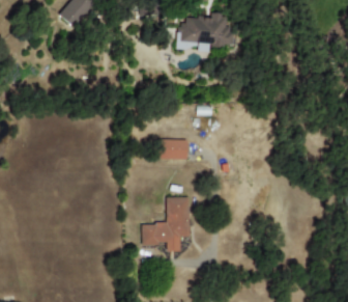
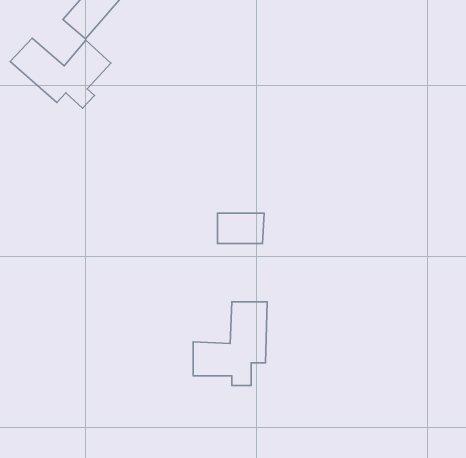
building: [176,15,232,51] -> none
building: none -> [10,38,111,108]

